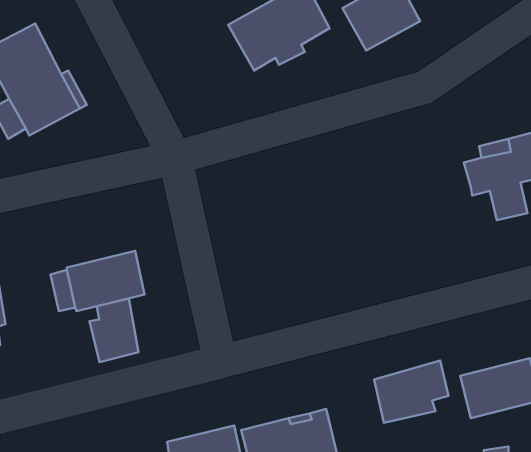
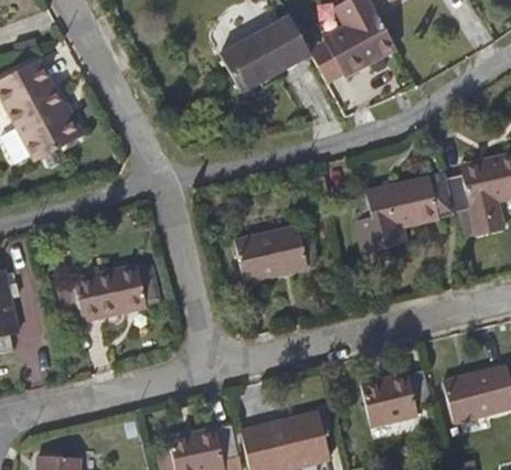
building: none -> [365,178,450,234]
building: none -> [231,226,306,282]
building: [89,298,139,362] -> none

